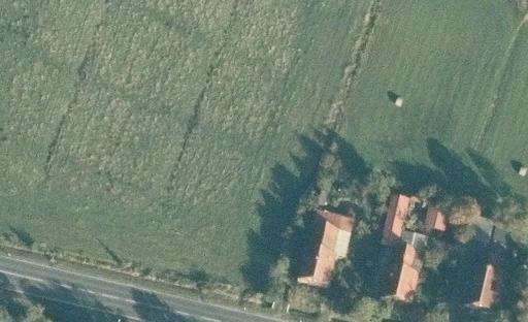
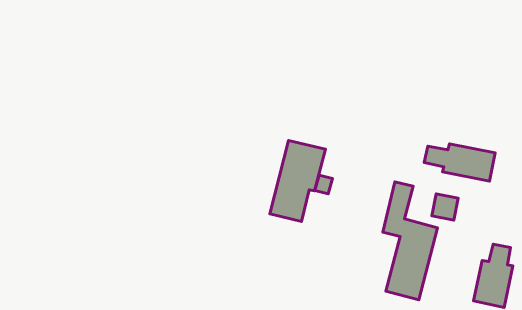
building: none -> [424,144,495,181]
building: [297,211,350,287] -> [270,141,326,221]

